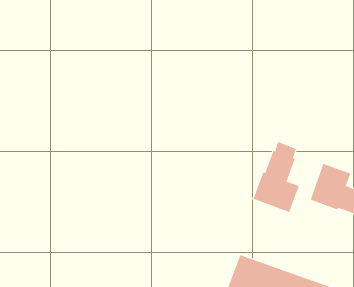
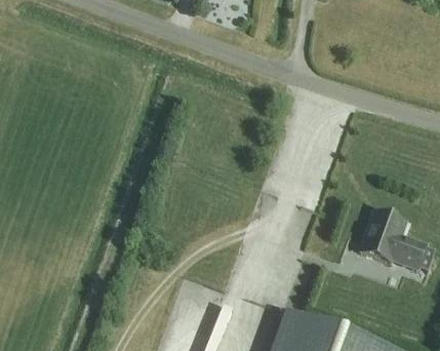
building: [253,141,299,213] -> none

